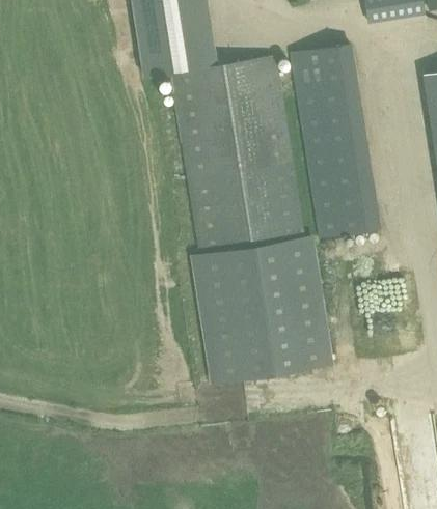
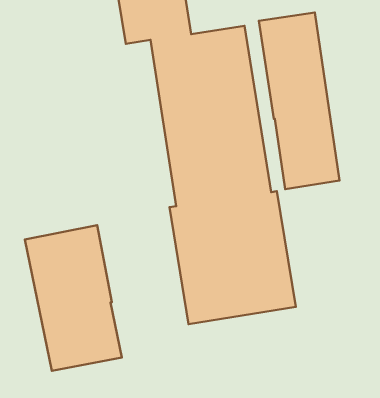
building: none -> [25,225,122,371]

